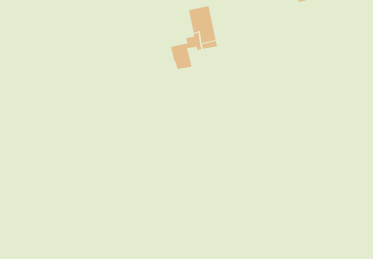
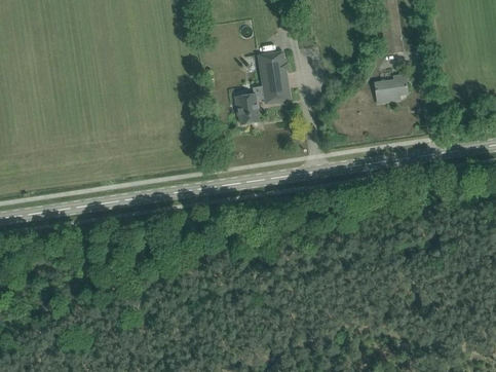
building: none -> [374,74,407,103]

